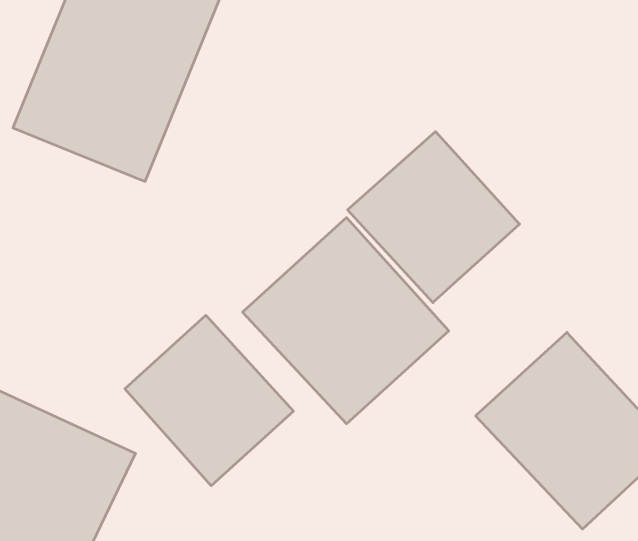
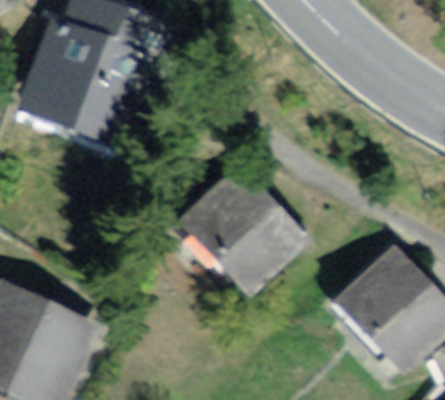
building: [348,132,520,303] -> none
building: [125,315,293,486] -> none

